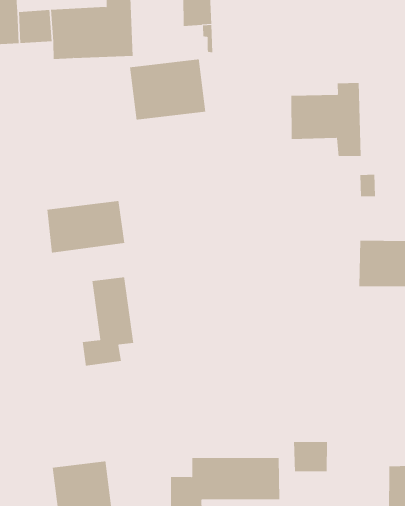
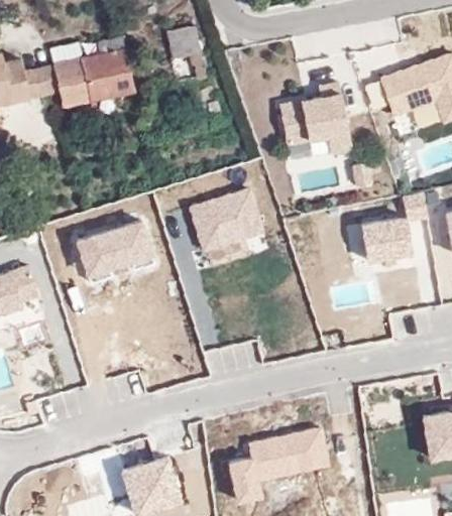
building: [129,59,206,120] -> [187,188,262,253]
building: [82,277,134,366] -> none
building: [294,441,327,472] -> none

